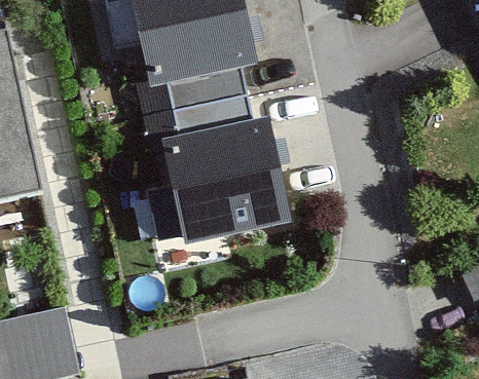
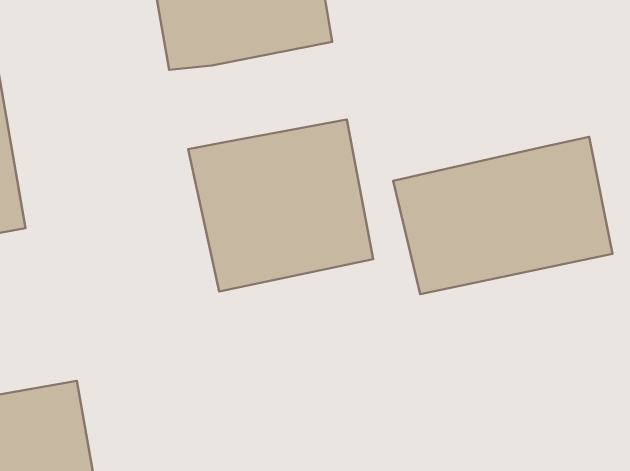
building: [165,68,260,138] -> none
building: none -> [393,137,612,294]

